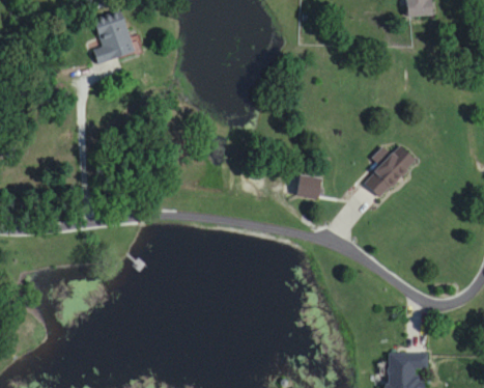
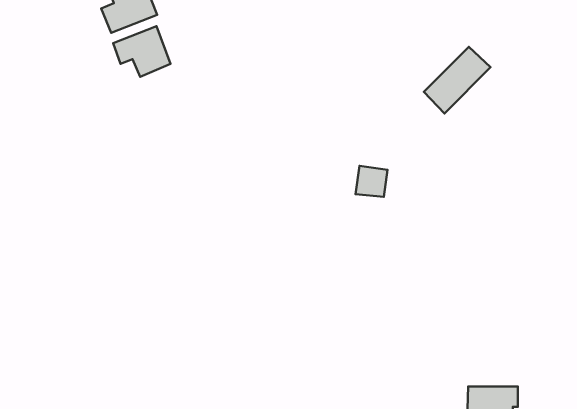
building: none -> [113,26,170,77]
building: [364,144,418,198] -> [424,47,490,113]

